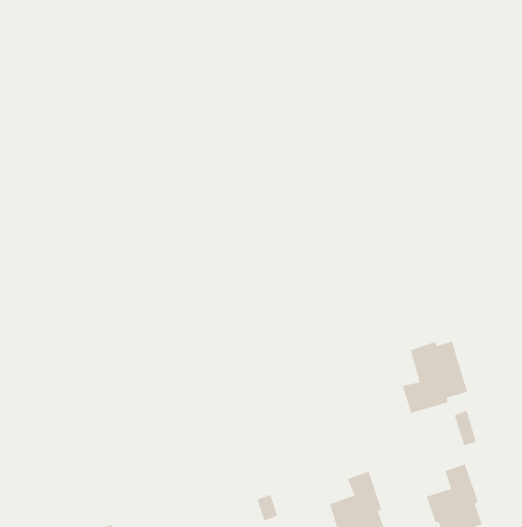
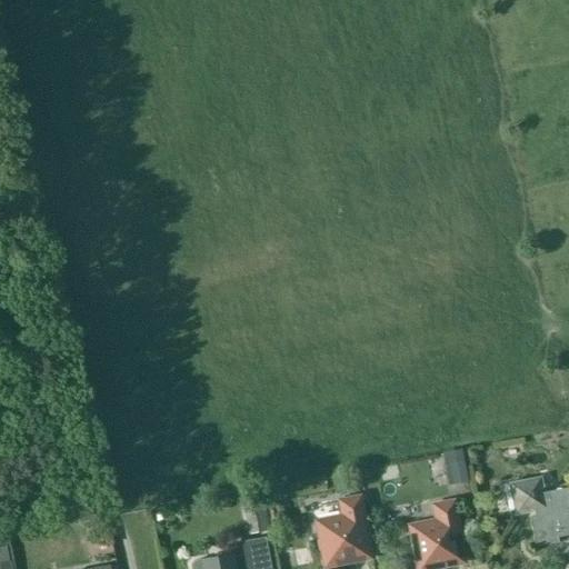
building: [402,341,468,414] -> none

